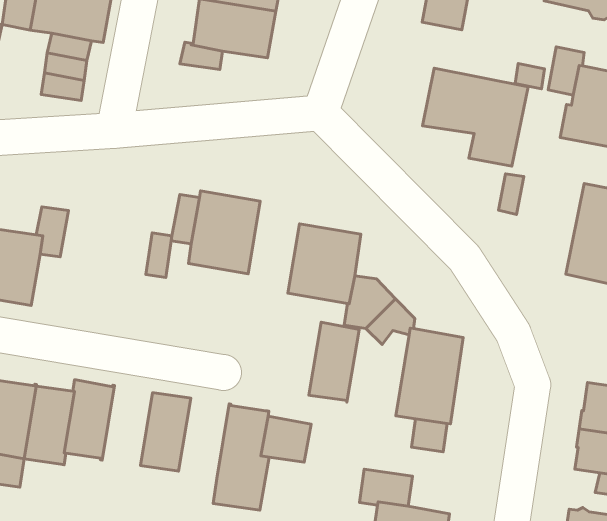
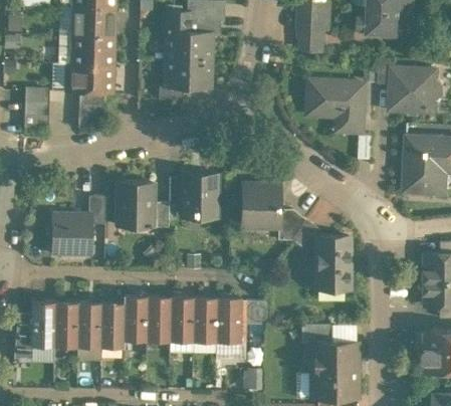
building: none -> [119,182,153,227]
building: [309,322,359,402] -> [193,296,217,342]
building: none -> [147,295,171,341]

